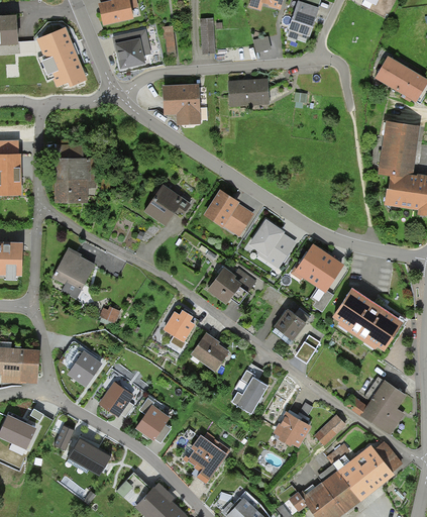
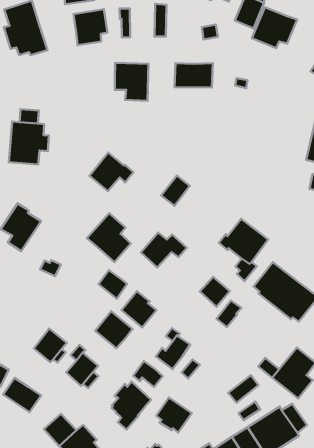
building: none -> [252,7,297,48]
building: [203,189,240,228] -> none
building: [248,219,297,269] -> none
building: none -> [87,213,131,262]
building: [67,350,103,388] -> none
building: none -> [95,311,133,348]
building: none -> [133,361,163,387]
building: [274,411,312,448] -> [156,397,192,432]

